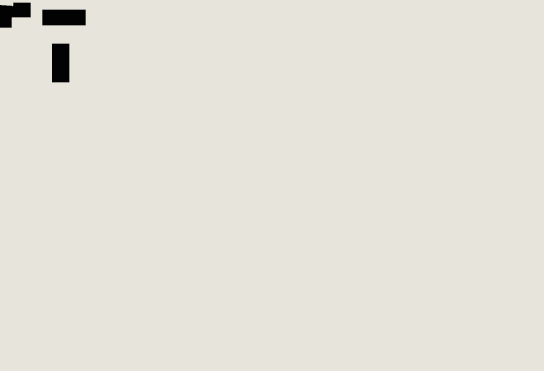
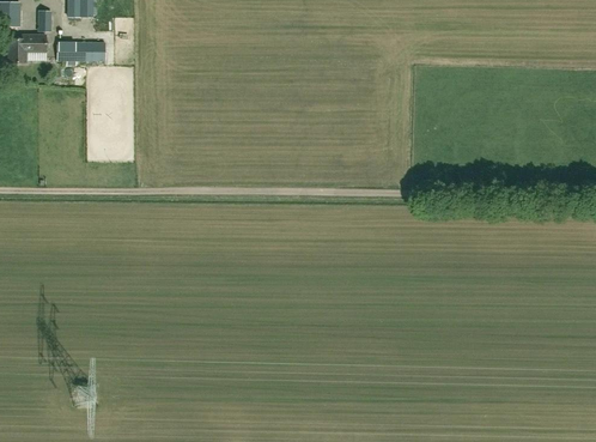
building: [52,43,70,83] -> none

